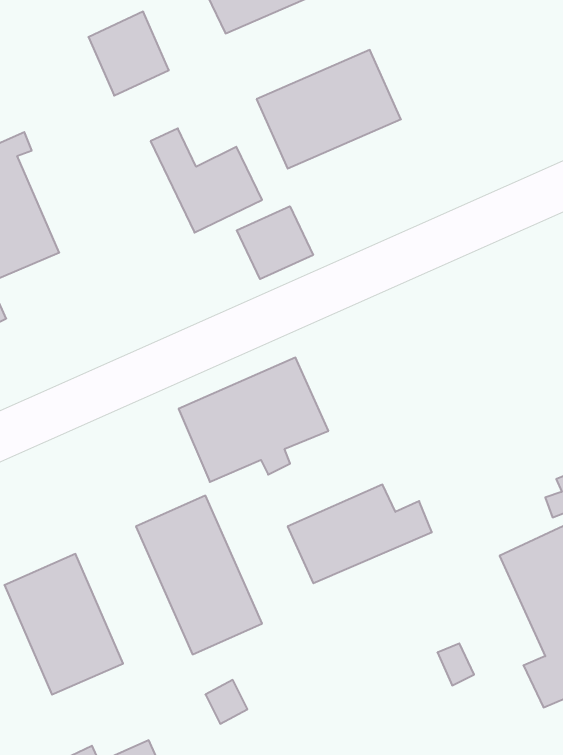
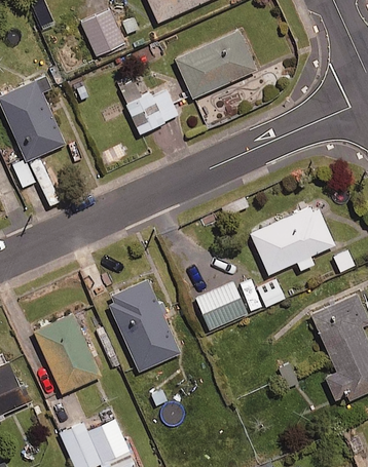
building: [237,206,313,279] -> none
building: [179,358,328,482] -> [251,204,335,274]

